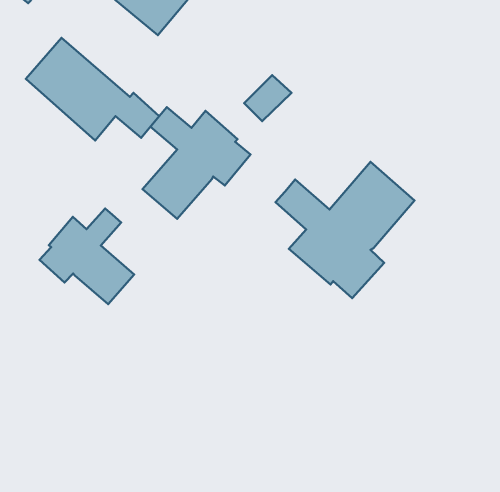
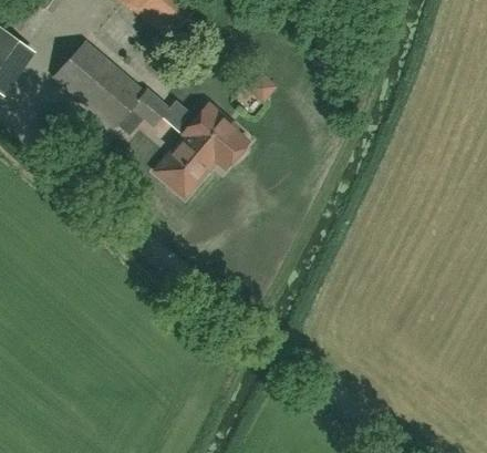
building: [275,162,414,298] -> none
building: [40,208,134,304] -> none

